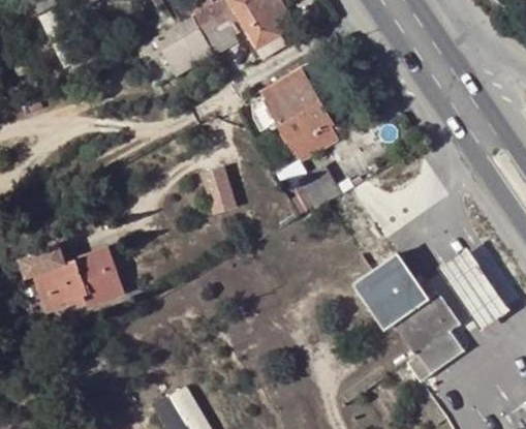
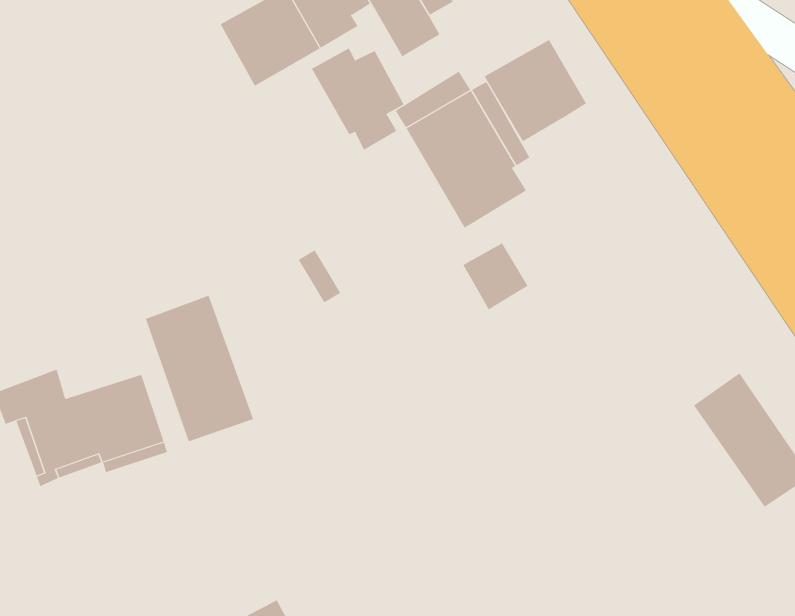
building: none -> [484,39,587,142]
building: none -> [311,48,405,151]
building: none -> [145,295,254,442]
building: [354,254,463,380] -> none

